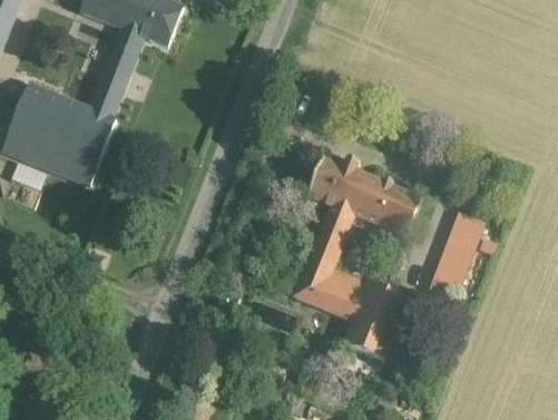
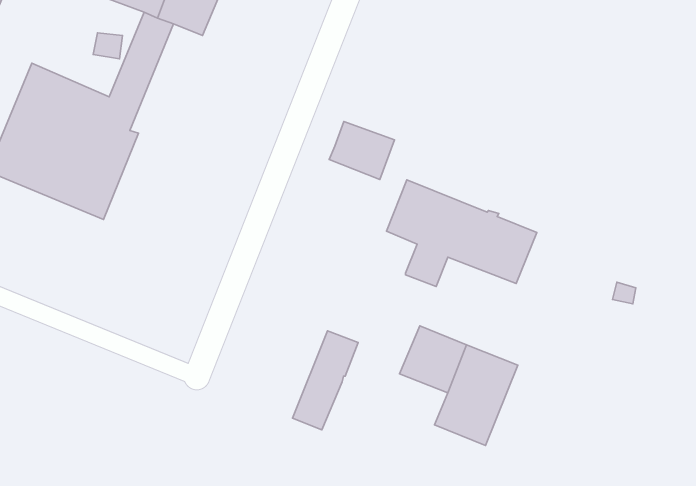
building: none -> [329,122,394,179]
building: [429,212,482,297] -> none
building: [294,228,344,304] -> [293,331,358,430]

